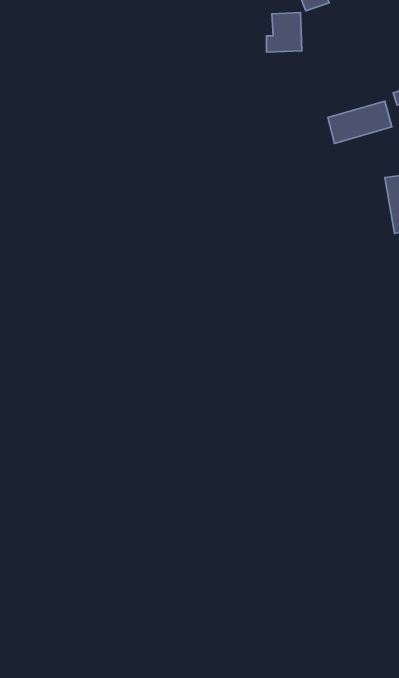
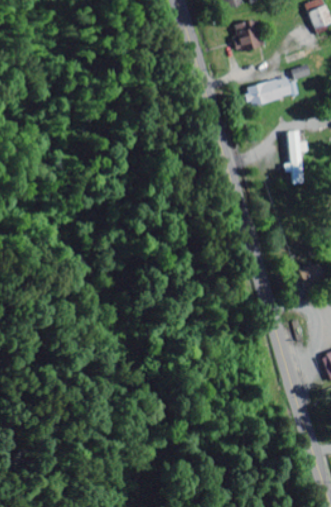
building: [267,13,302,52] -> [238,21,264,50]

